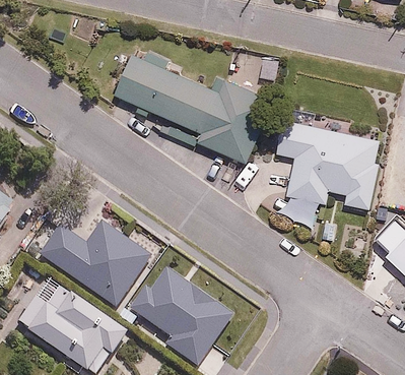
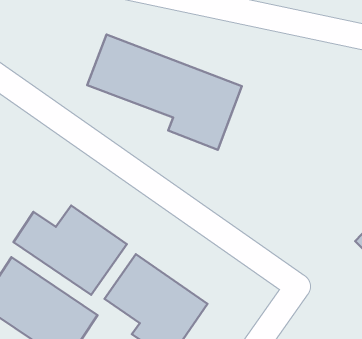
building: [261,118,383,225] -> none

